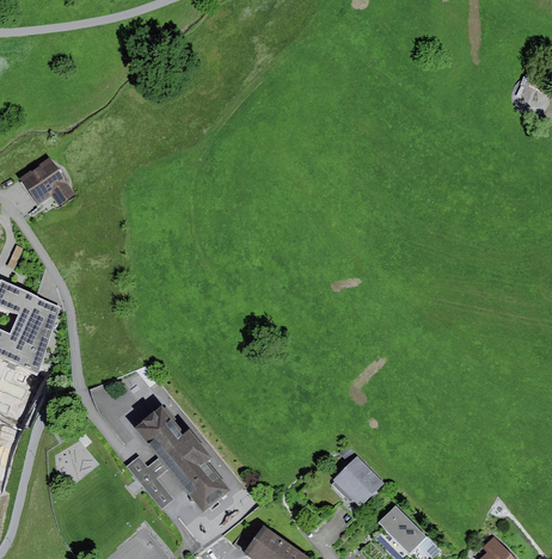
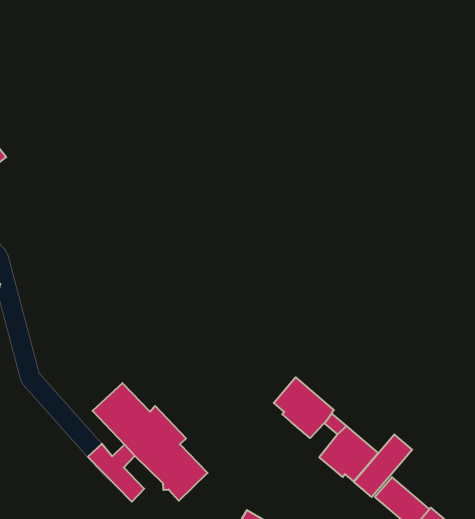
building: none -> [274,377,334,438]
building: none -> [354,434,412,497]

